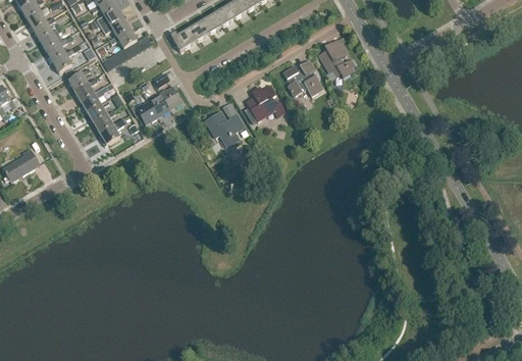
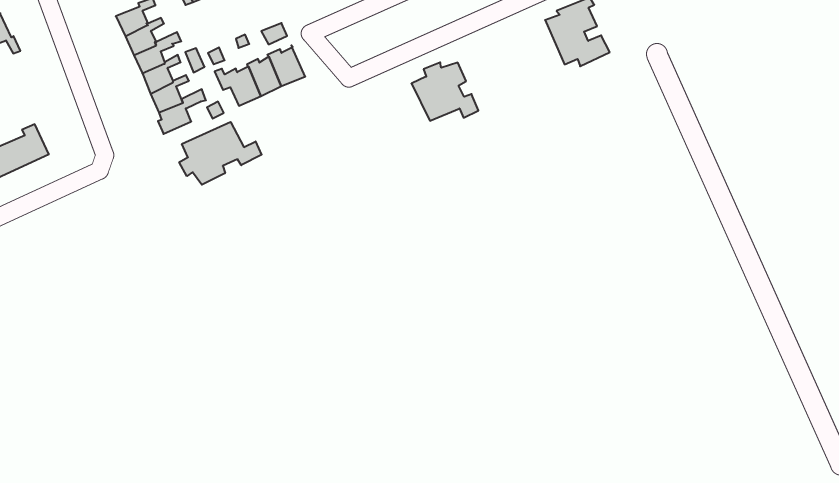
building: [282,59,323,96] -> none
building: [205,111,244,146] -> none
building: none -> [179,122,262,185]

